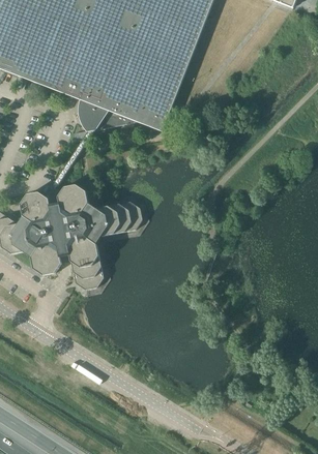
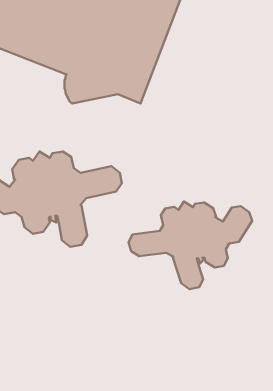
building: none -> [128,202,252,289]

